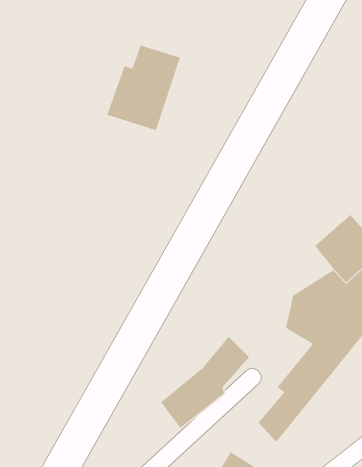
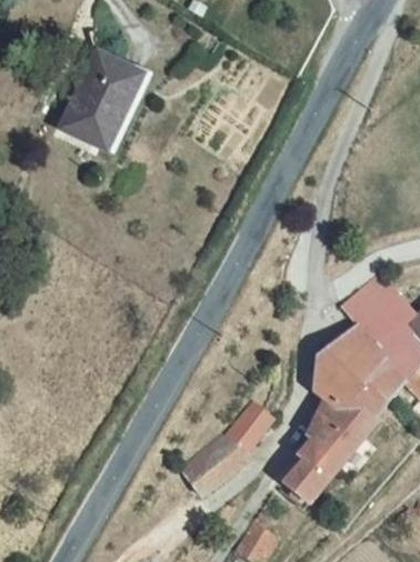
building: [106,44,181,131] -> [69,64,147,154]

